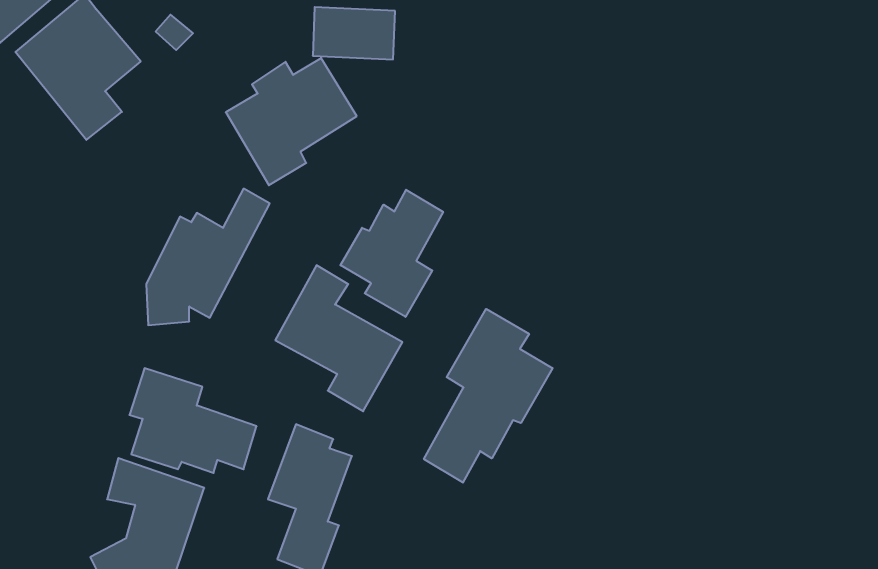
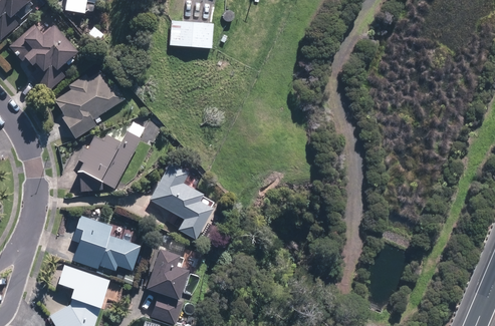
building: [226,58,357,185] -> [53,70,123,138]
building: [340,190,443,317] -> none
building: [424,309,553,483] -> none

